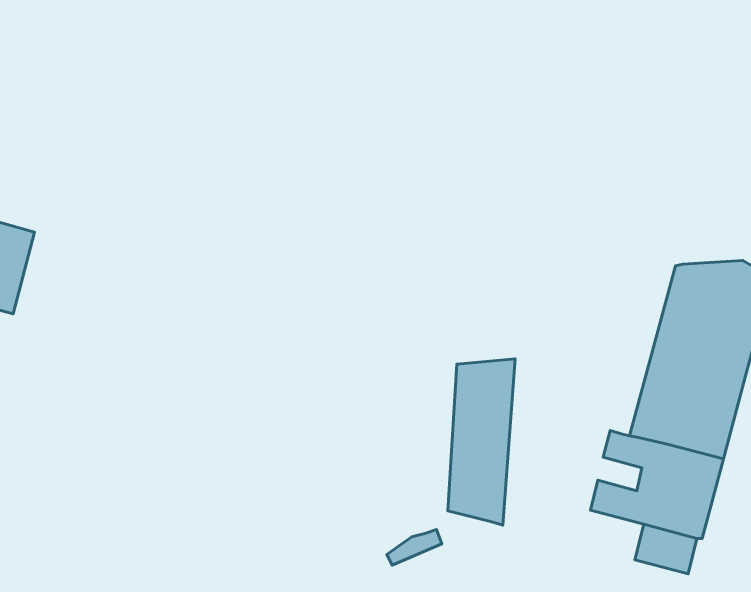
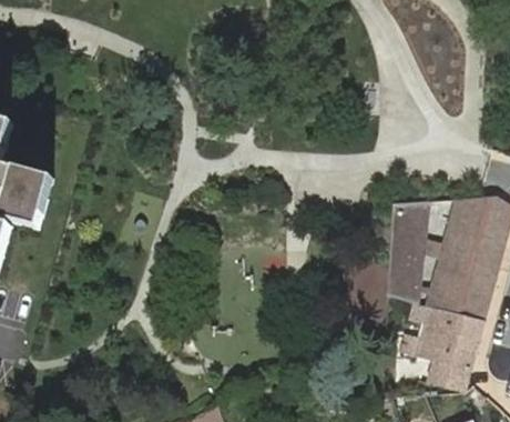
building: [448,359,515,525] -> [387,202,429,307]

